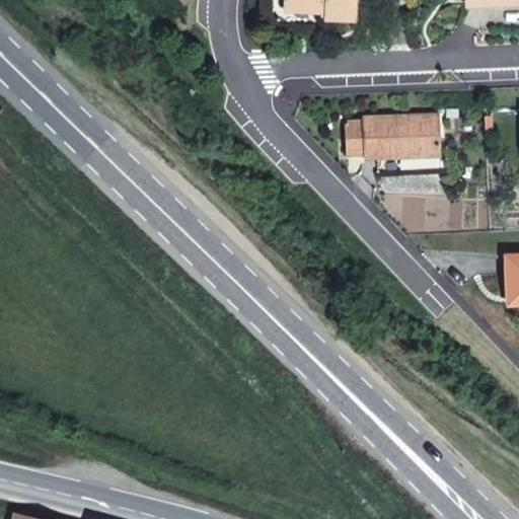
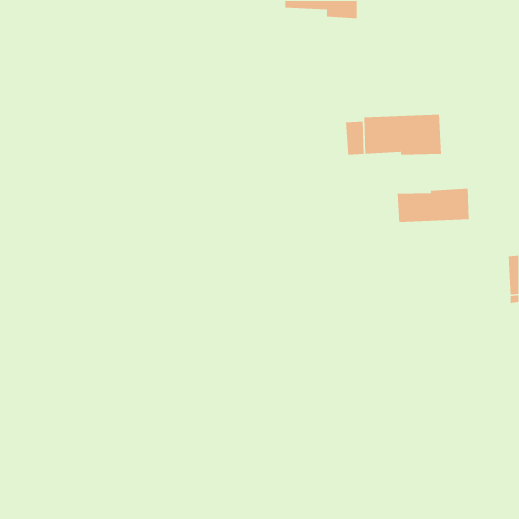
building: none -> [397,188,470,223]

